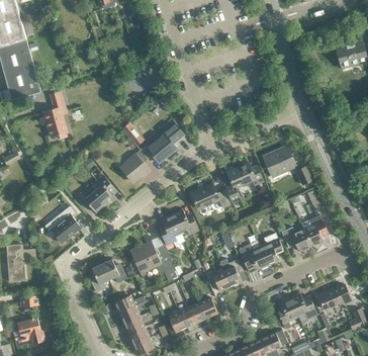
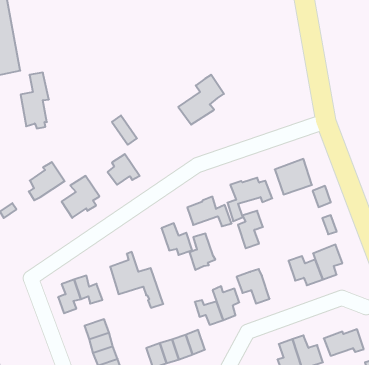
building: [147,119,184,163] -> [178,75,224,125]
building: [52,212,81,246] -> [29,162,65,200]
building: [160,214,182,246] -> [190,234,215,270]
building: [260,234,281,266] -> [238,211,263,248]

